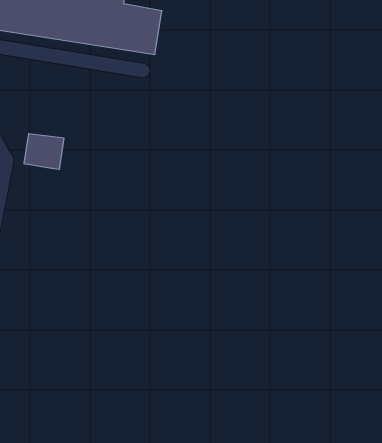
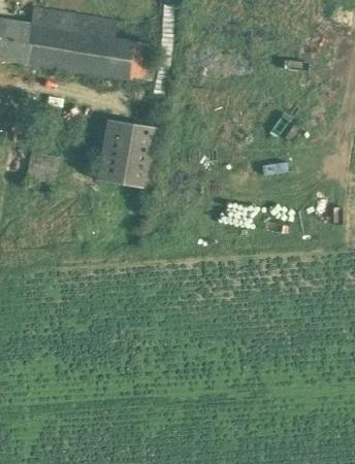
building: none -> [97,121,158,189]

